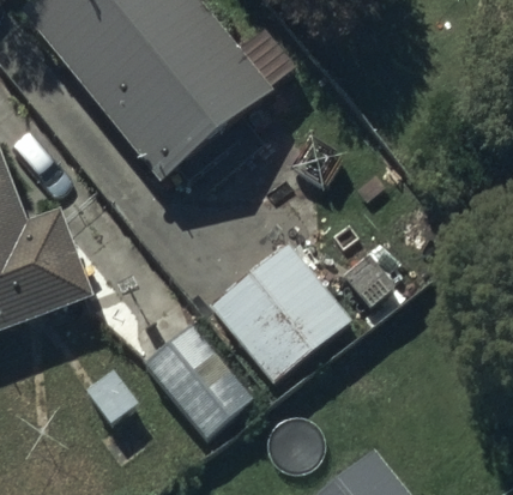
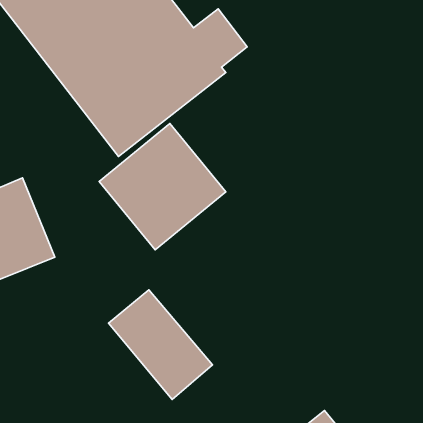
building: [213,242,349,378] -> [99,123,226,250]

